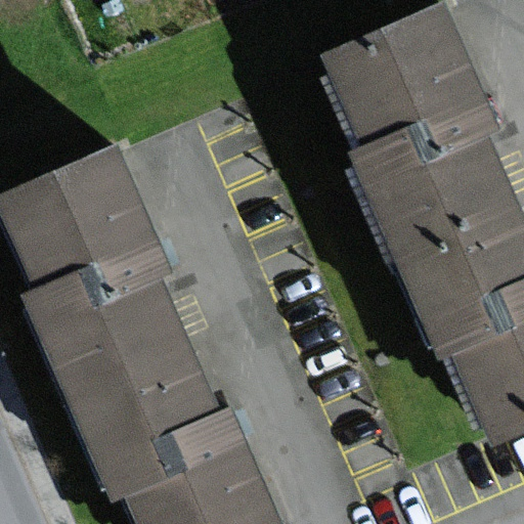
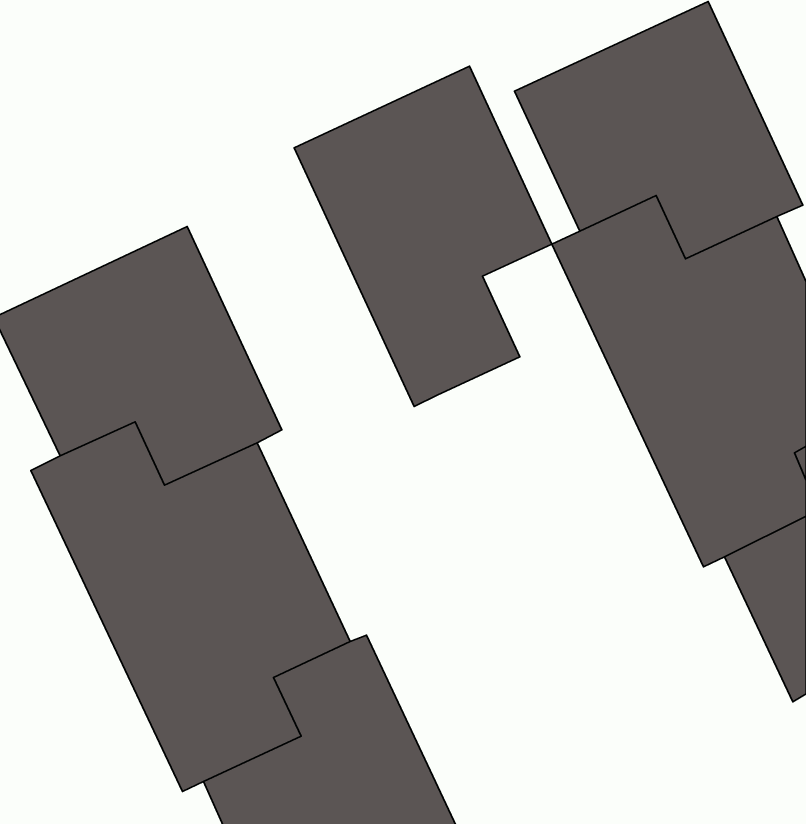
building: none -> [294,66,552,407]

